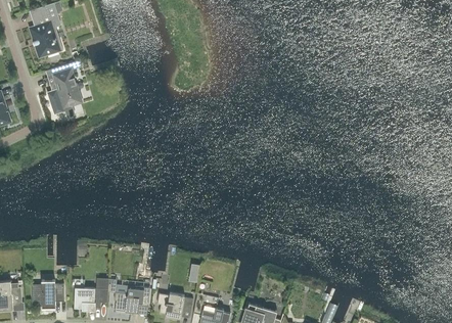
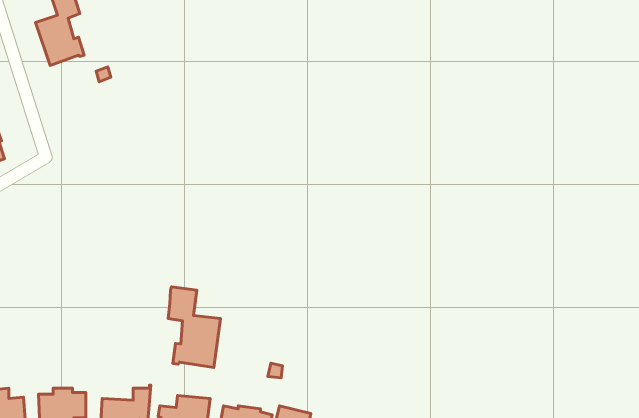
building: [49,68,82,117] -> none
building: none -> [168,287,220,367]

